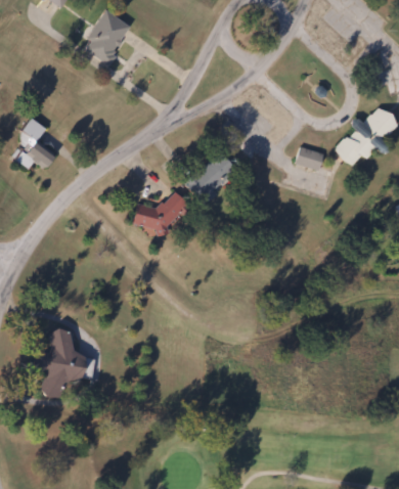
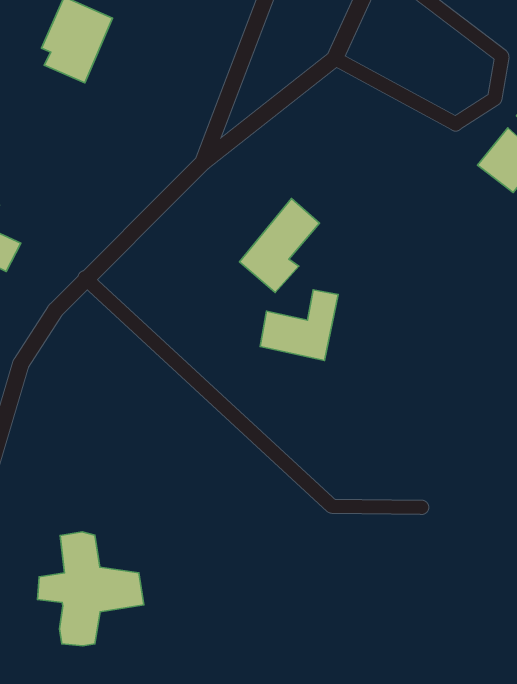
building: [296,145,324,170] -> none
building: [132,193,183,236] -> [260,290,338,361]

